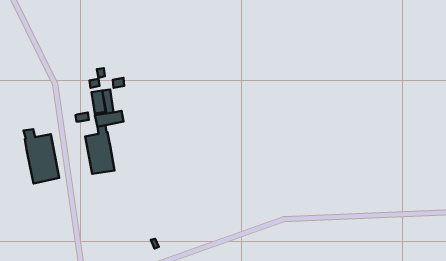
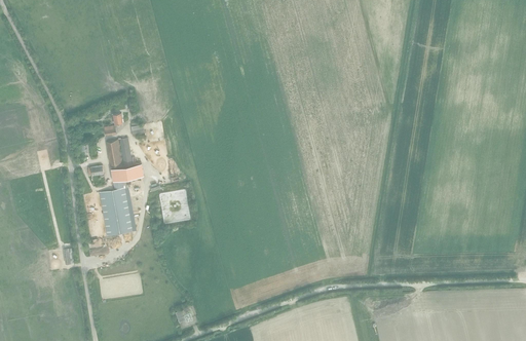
building: [24,129,59,184] -> none

